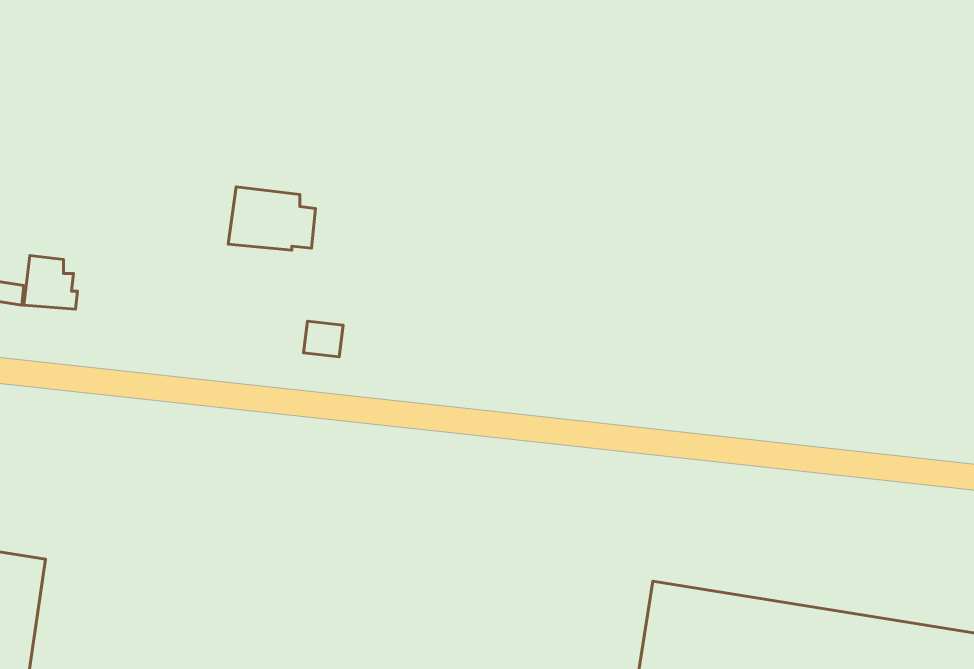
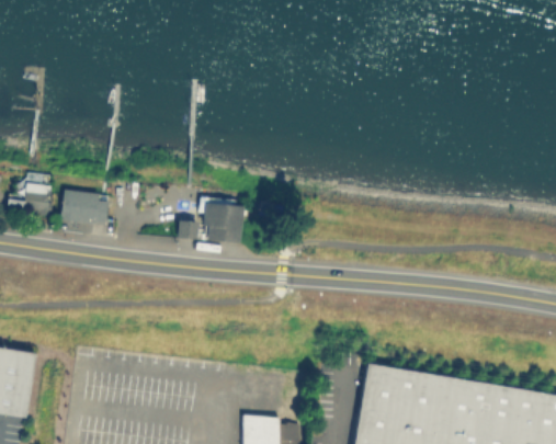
building: [228,187,316,250] -> [59,190,107,225]
building: none -> [203,201,245,242]

